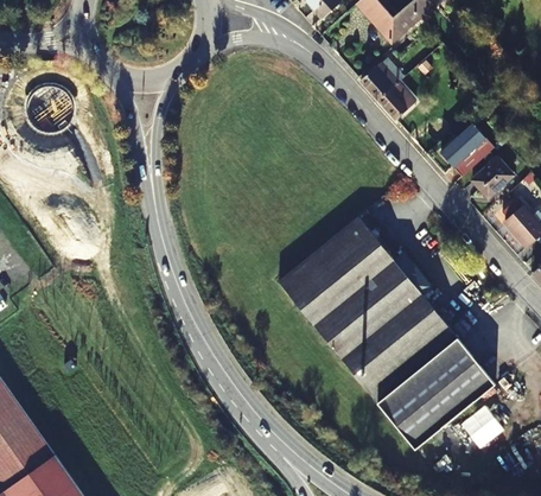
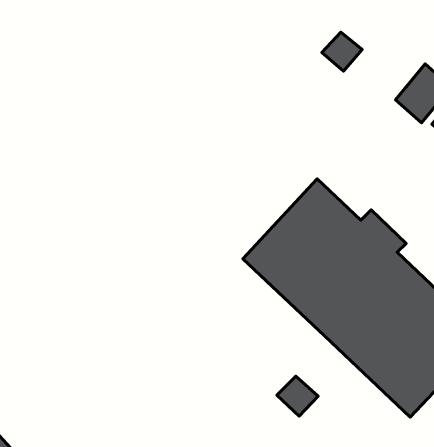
building: [359,62,397,98] -> none
building: none -> [277,376,318,416]

